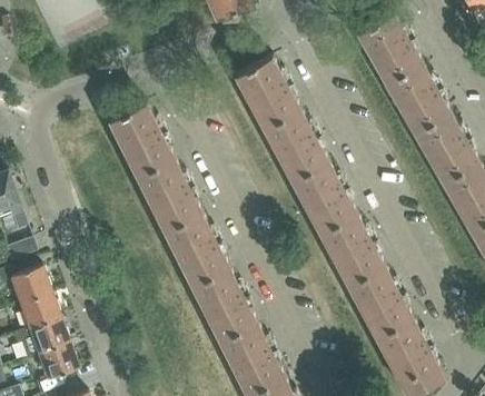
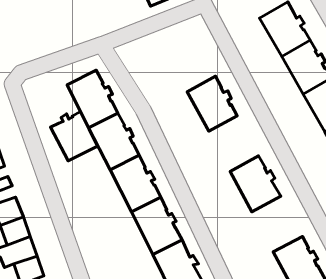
building: [235,56,300,129] -> none
building: none -> [51,112,98,161]
building: [291,160,356,232] -> none
building: [347,265,413,337] -> none

